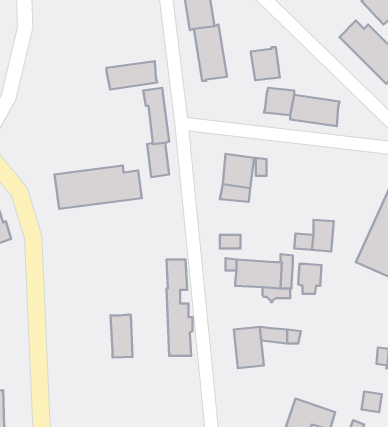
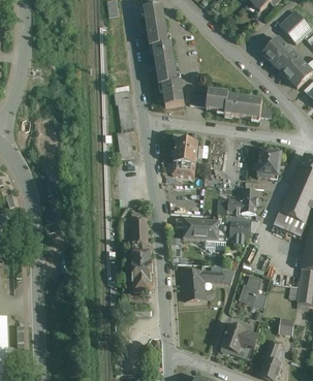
building: [251,47,280,80] -> [161,80,183,104]
building: [106,61,157,89] -> none
building: [55,166,142,209] -> none
building: none -> [257,149,280,178]
building: [111,315,133,357] -> none
building: none -> [240,275,265,306]

